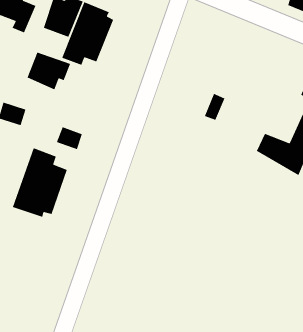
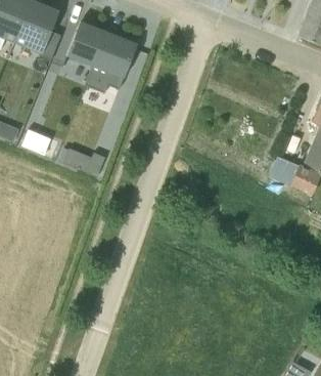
building: [26,51,71,90] -> none
building: [12,147,68,218] -> none

